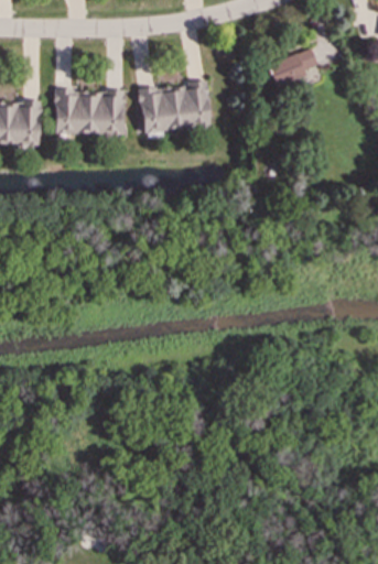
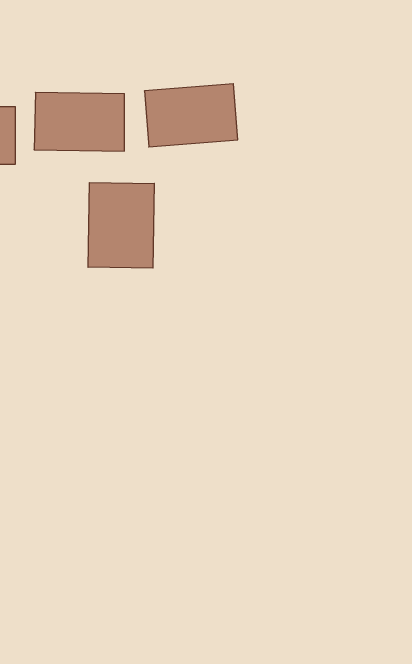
building: [266,47,316,89] -> none
building: none -> [88,183,154,268]

